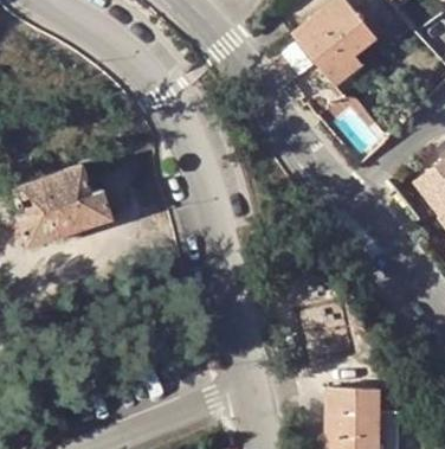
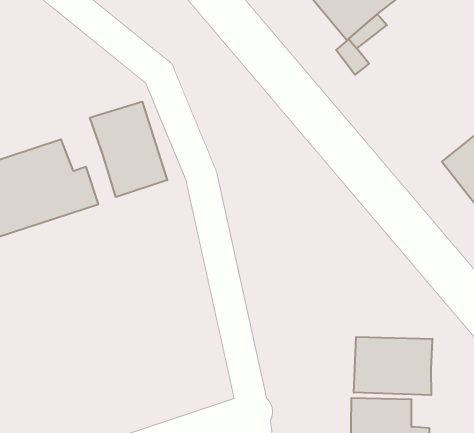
building: none -> [90,102,167,197]
building: none -> [354,337,432,395]

